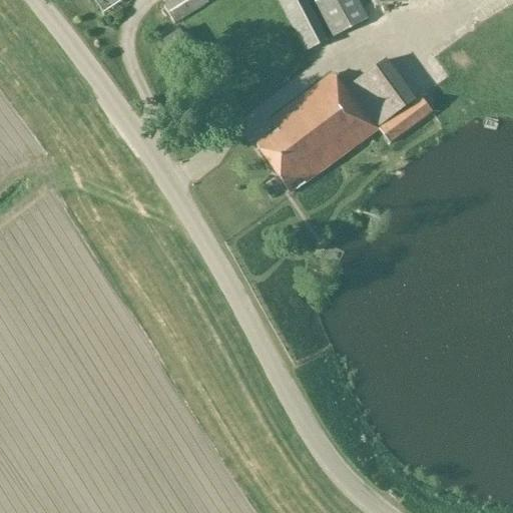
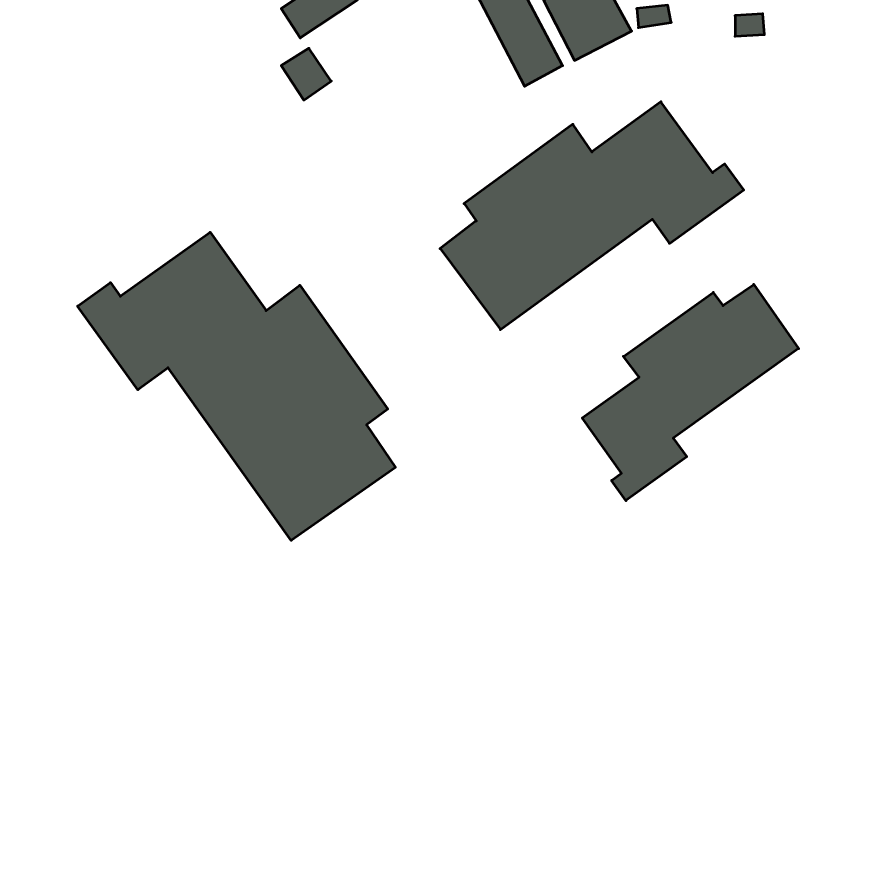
building: none -> [78,232,395,540]
building: none -> [582,284,799,501]

